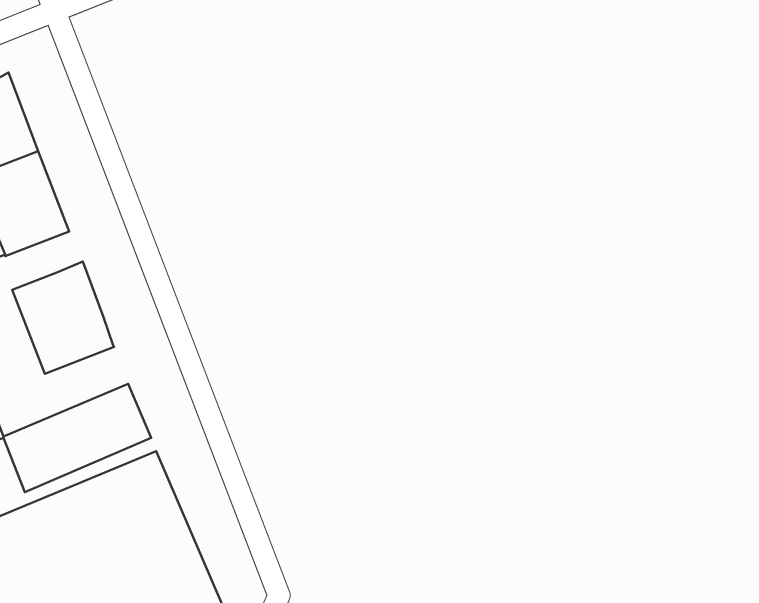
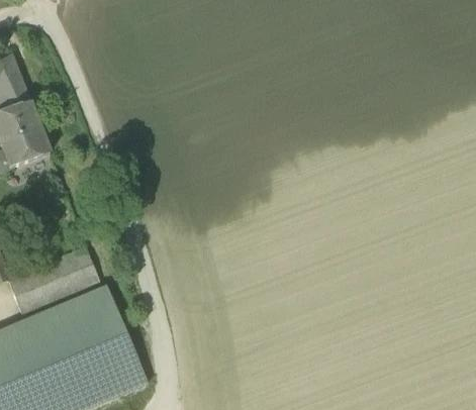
building: [12,262,114,374] -> none

